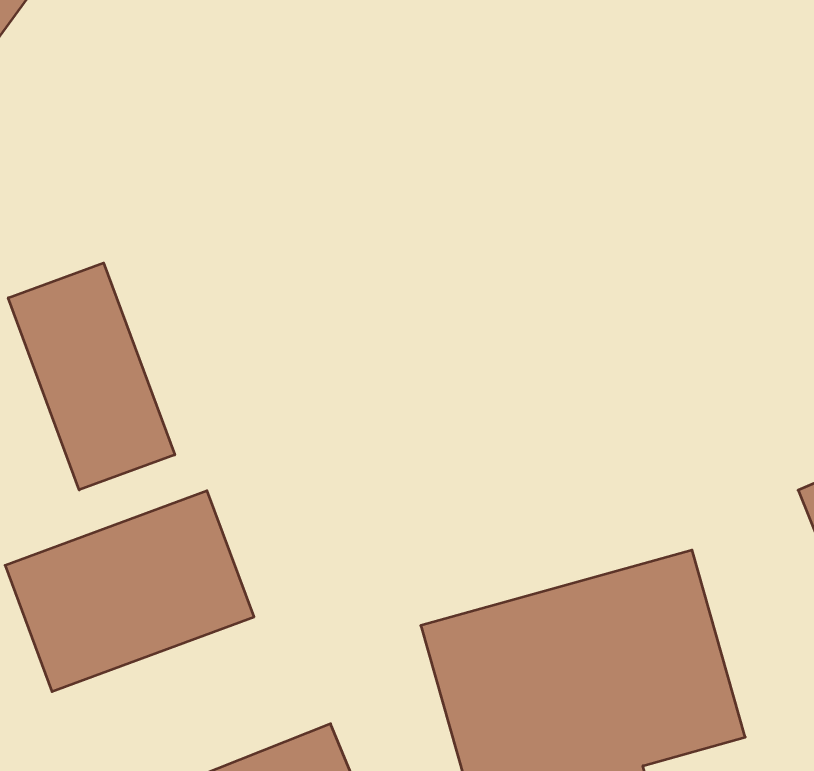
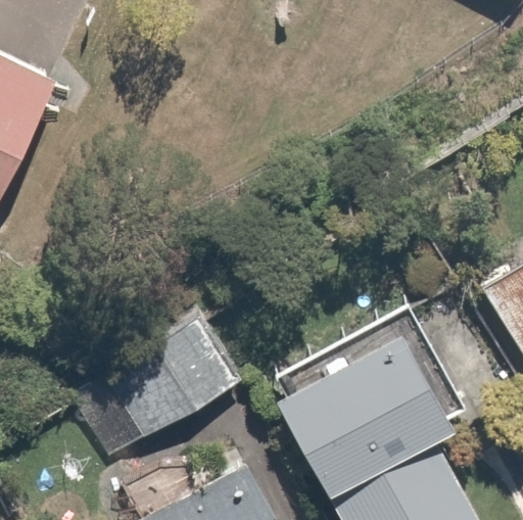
building: [8,263,175,490] -> none

